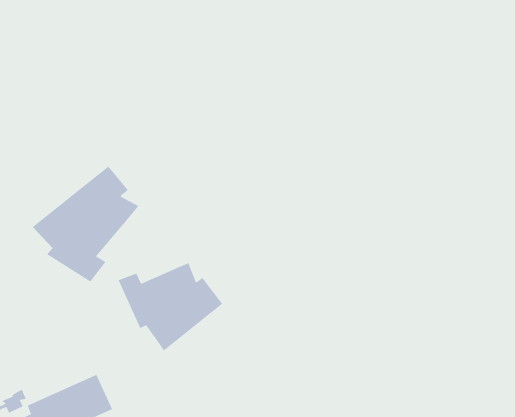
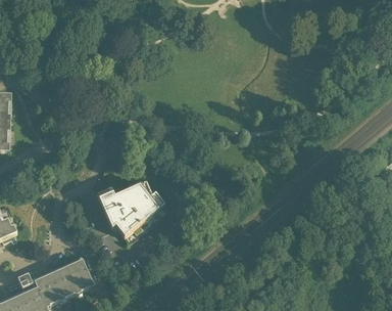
building: [32,165,140,282] -> none

